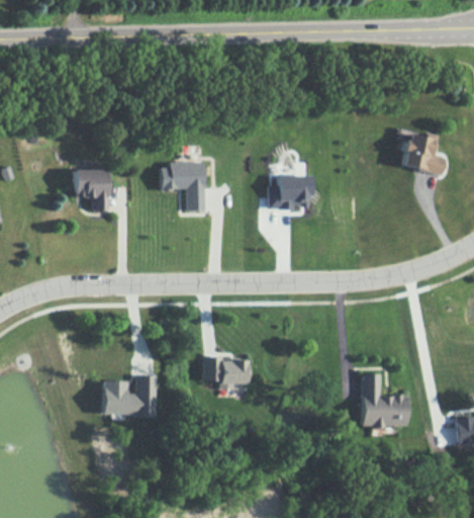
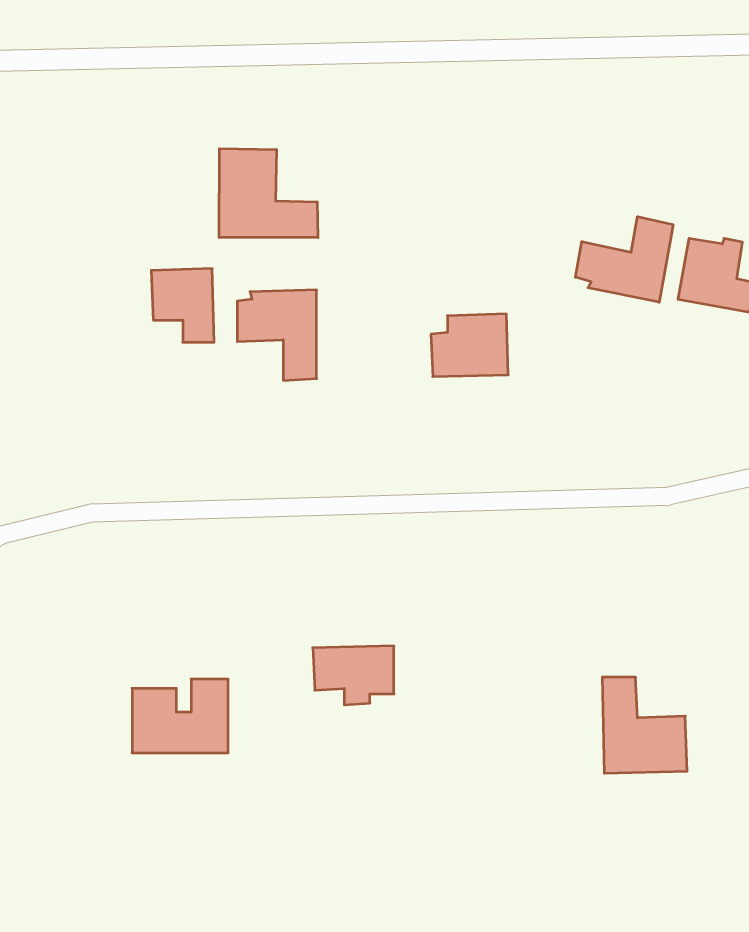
building: none -> [219,149,318,238]
building: none -> [575,217,673,302]
building: [73,169,107,209] -> [151,269,214,342]

